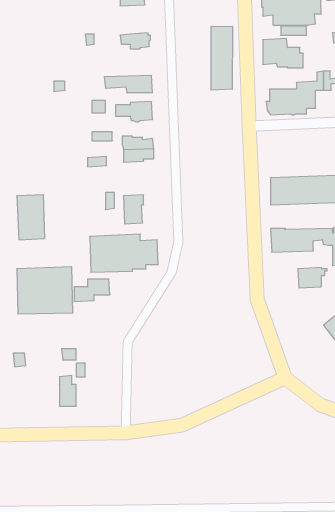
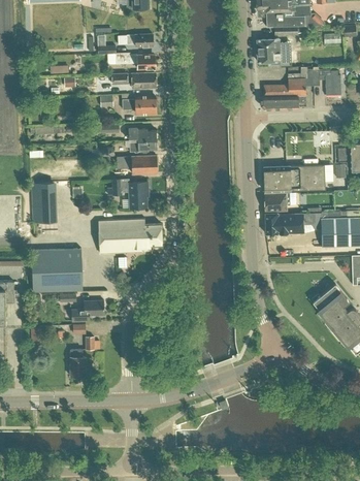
building: [211,26,232,90] -> none
building: none -> [116,53,155,68]
building: none -> [117,155,158,173]
building: [298,268,327,288] -> [264,192,291,211]
building: [74,279,110,302] -> [71,300,104,321]

